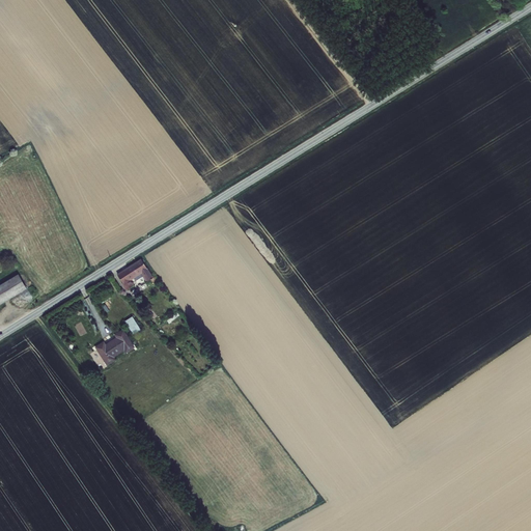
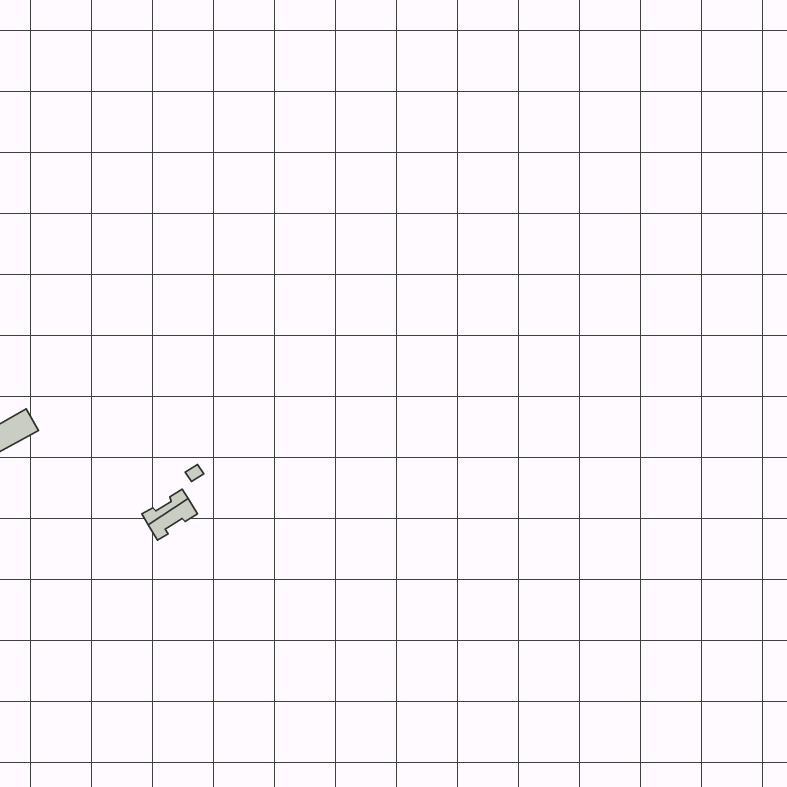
building: [115,259,151,289] -> none

